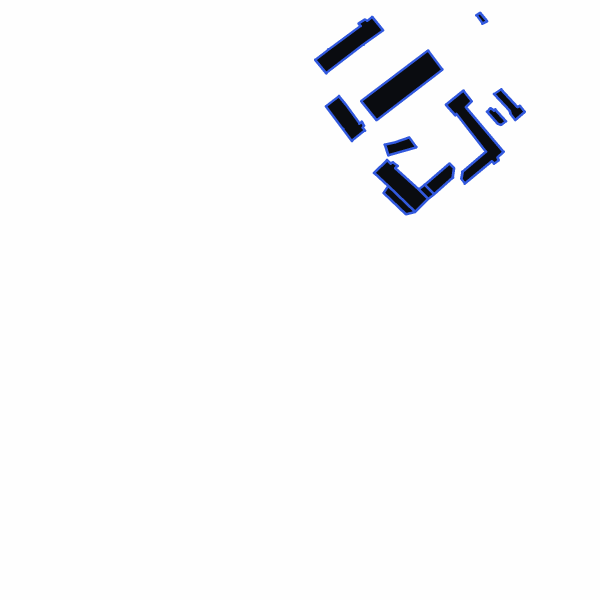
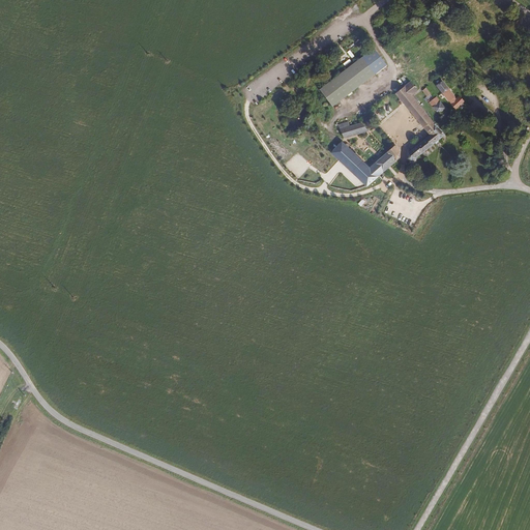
building: [315,17,383,73] -> none
building: [326,96,365,141] -> none

